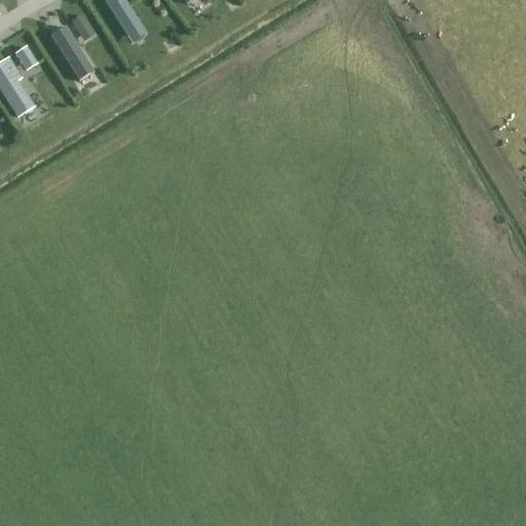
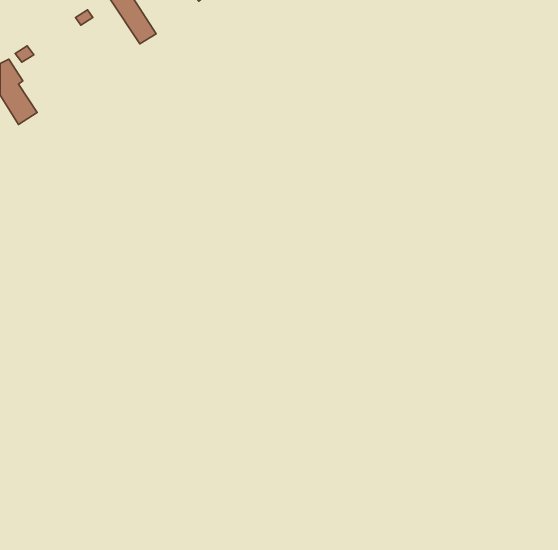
building: [50,25,93,78] -> none

